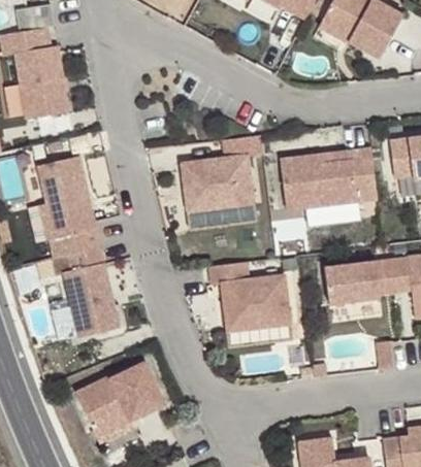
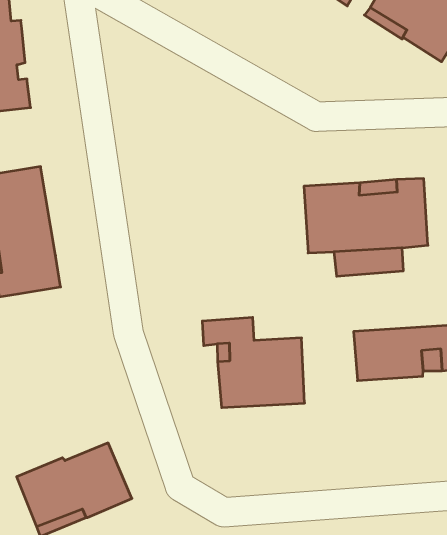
building: [181,134,262,211] -> none
building: [62,246,118,337] -> none

